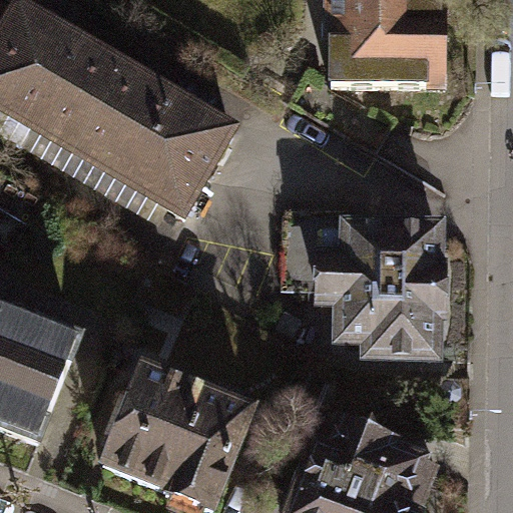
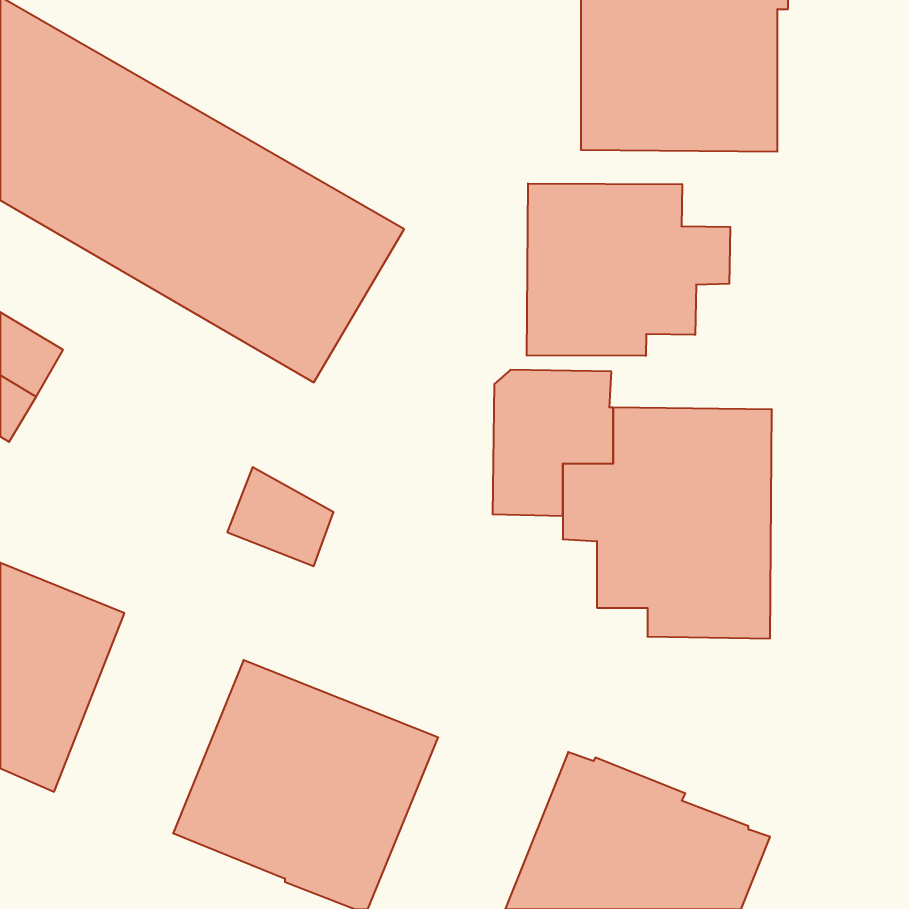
building: none -> [527,183,730,356]

